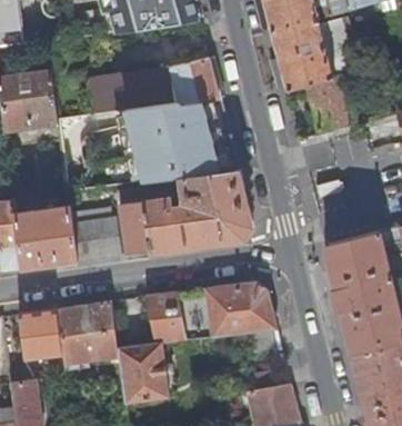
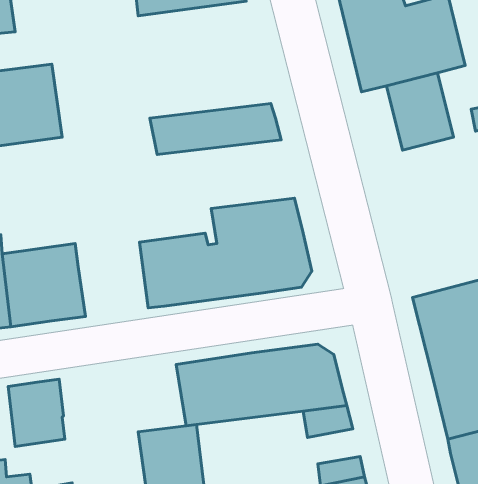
building: [89,57,218,111] -> none
building: [131,126,235,180] -> none
building: [71,217,120,260] -> none
building: [57,301,119,369] -> none

